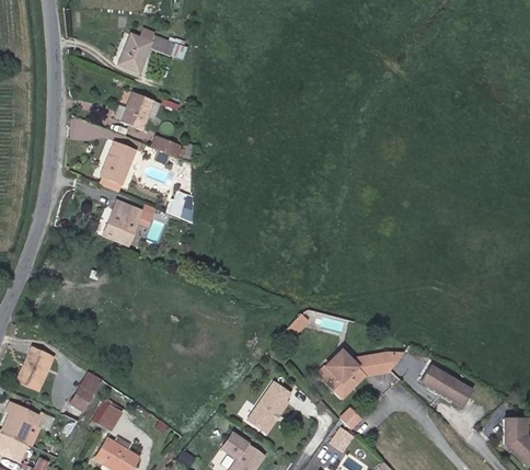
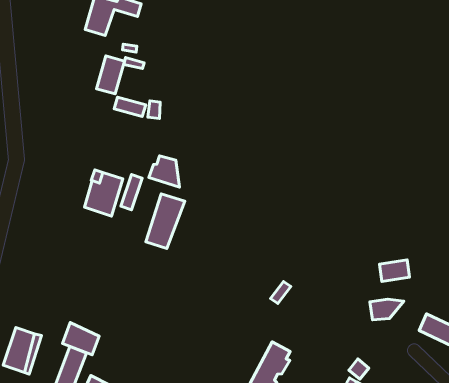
building: [101,139,142,185] -> none
building: none -> [146,194,185,249]
building: none -> [379,260,410,281]
building: none -> [62,322,99,355]
building: [321,352,368,401] -> none

